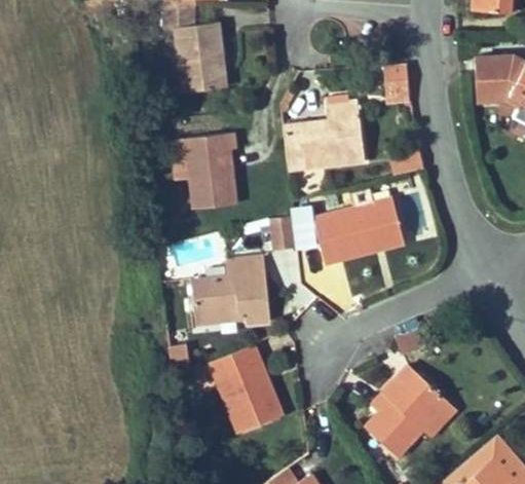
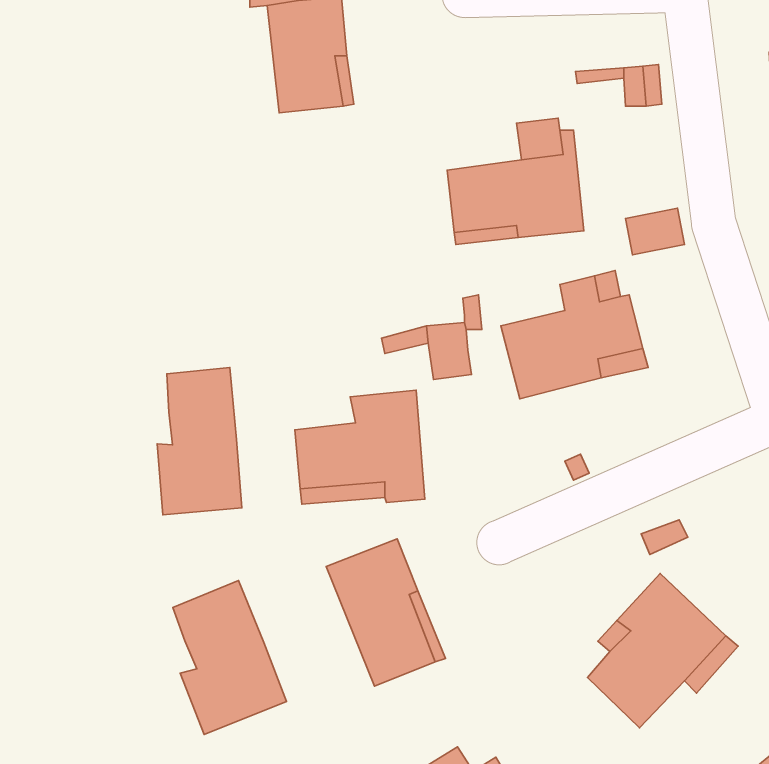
building: [185,134,236,210] -> none
building: none -> [157,367,242,515]
building: none -> [173,580,287,735]

